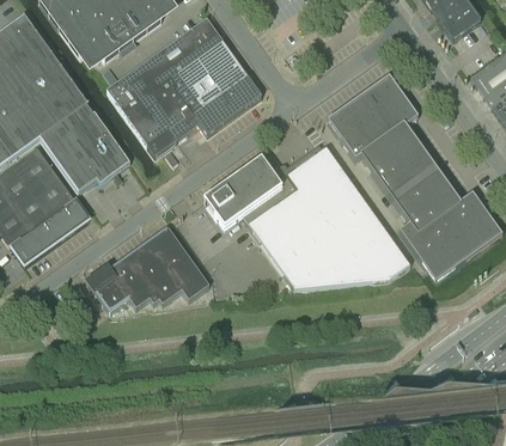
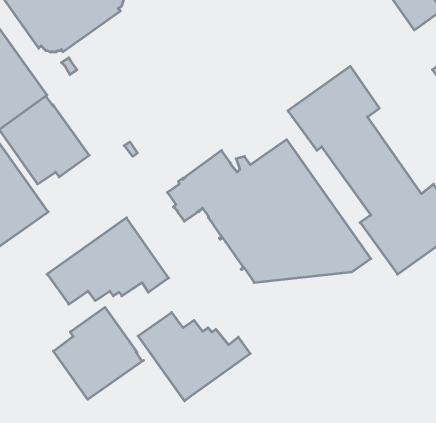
building: [108,18,262,157] -> none
building: none -> [53,307,144,399]
building: none -> [138,312,250,401]

